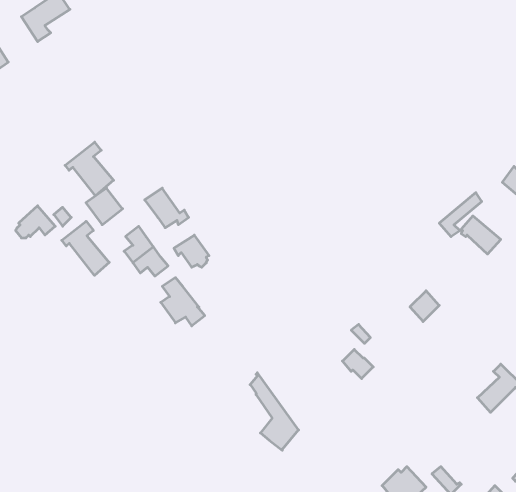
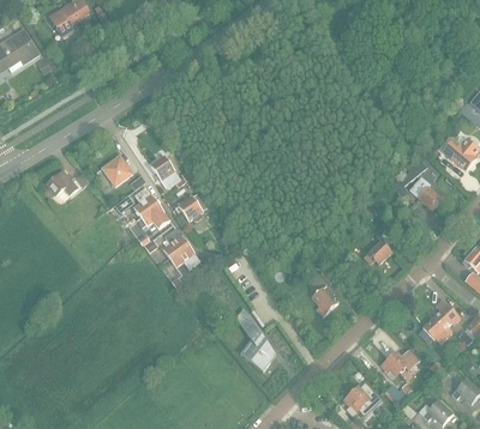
building: [65,142,114,196] -> none
building: [62,221,109,275] -> none
building: none -> [382,349,420,375]

